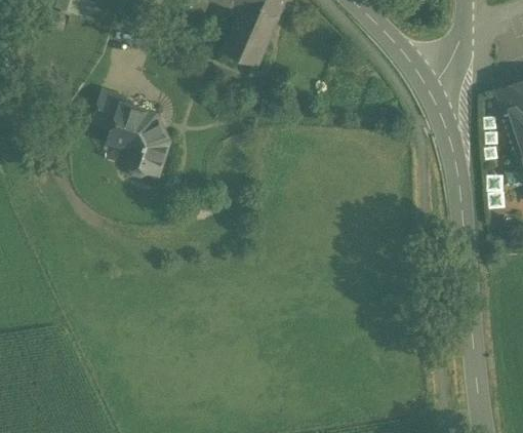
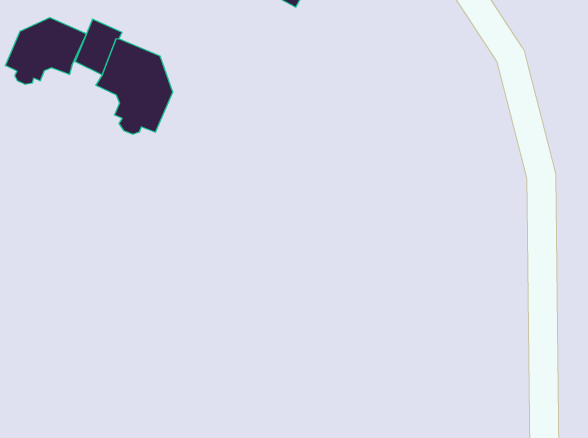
building: none -> [5,18,86,84]

